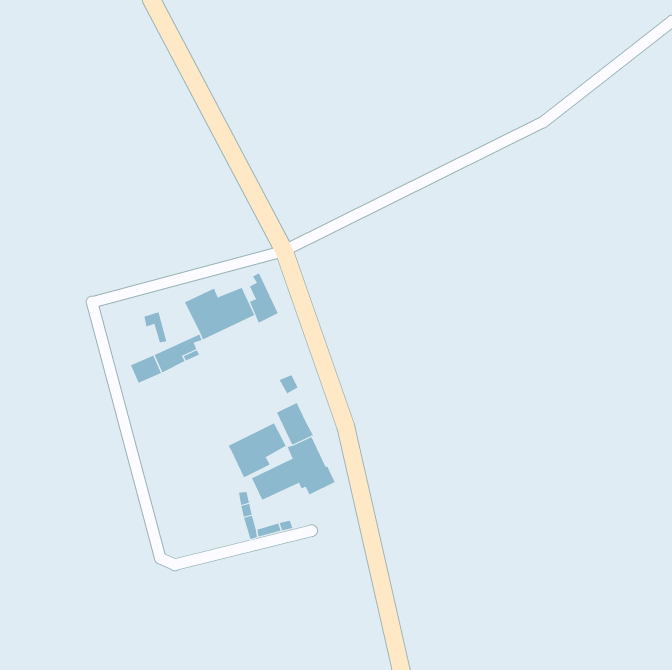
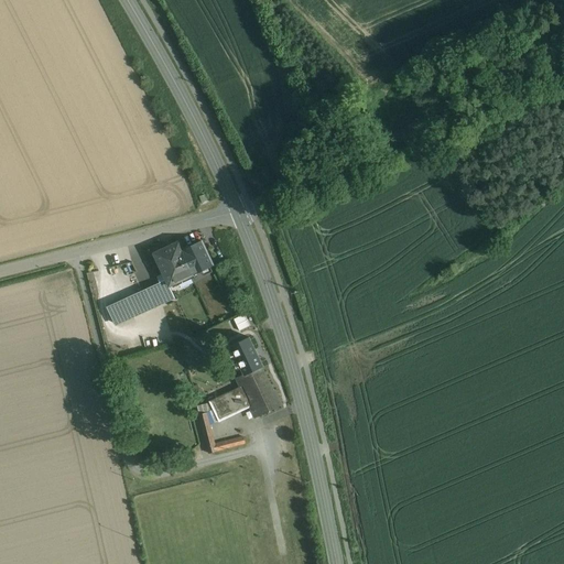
building: [249,272,279,323] -> none
building: [228,423,287,478] -> none

